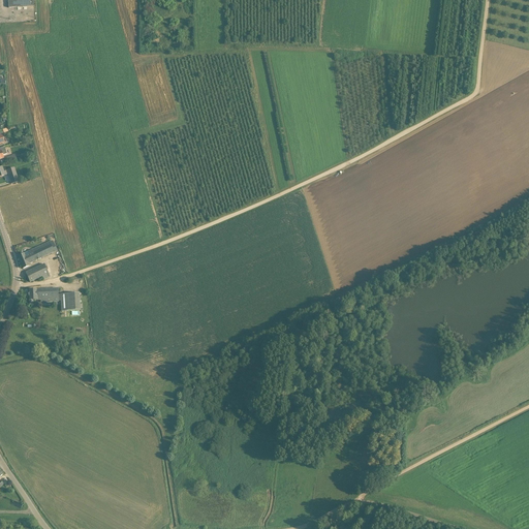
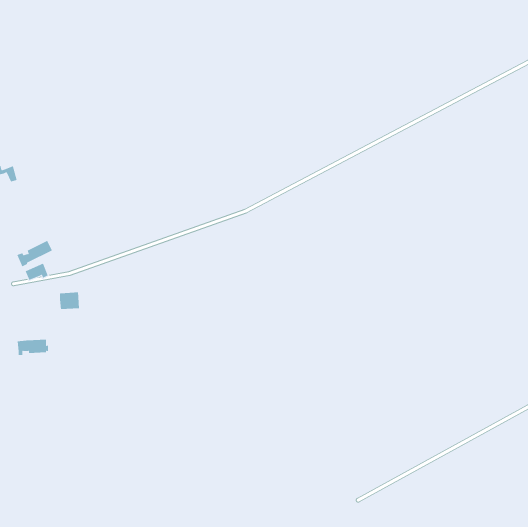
building: [27,286,59,303] -> [17,339,49,356]

